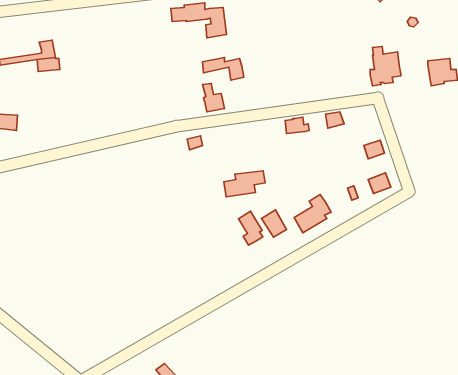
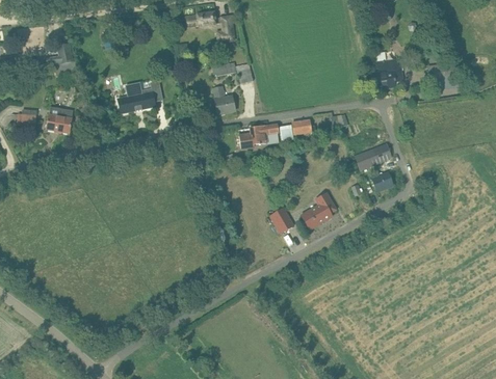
building: none -> [118,79,161,113]
building: none -> [46,108,72,133]
building: [224,171,265,197] -> [239,125,279,150]
building: [238,211,263,245] -> none

